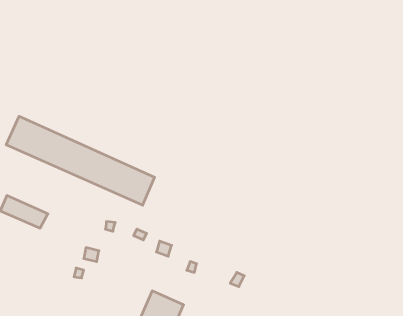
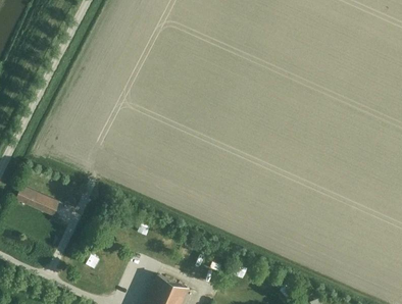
building: [6,116,155,205] -> none

